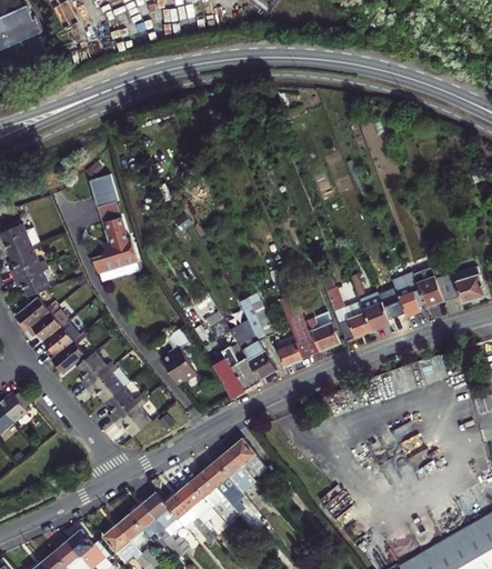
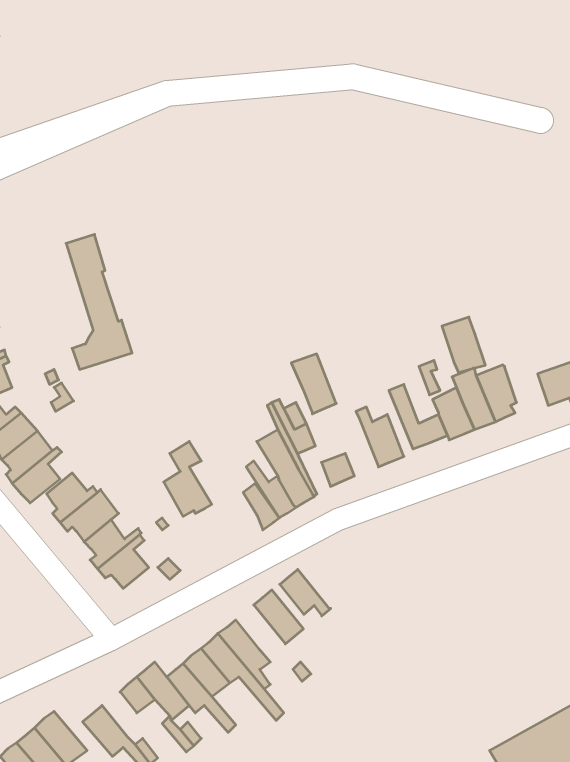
building: [414,267,446,308] -> [442,317,485,373]
building: [288,311,321,356] -> [291,354,336,414]
building: [215,450,253,485] -> [280,569,331,616]
building: [117,515,144,548] -> none

